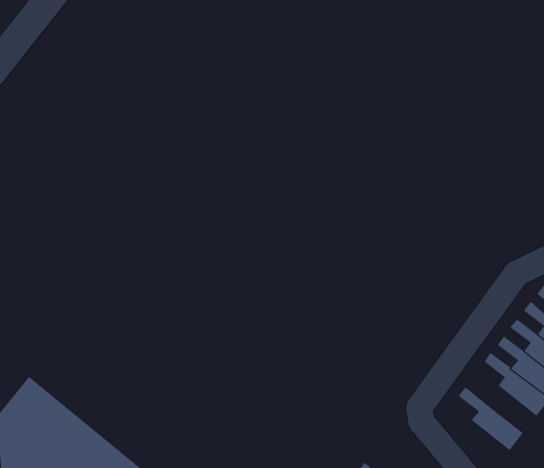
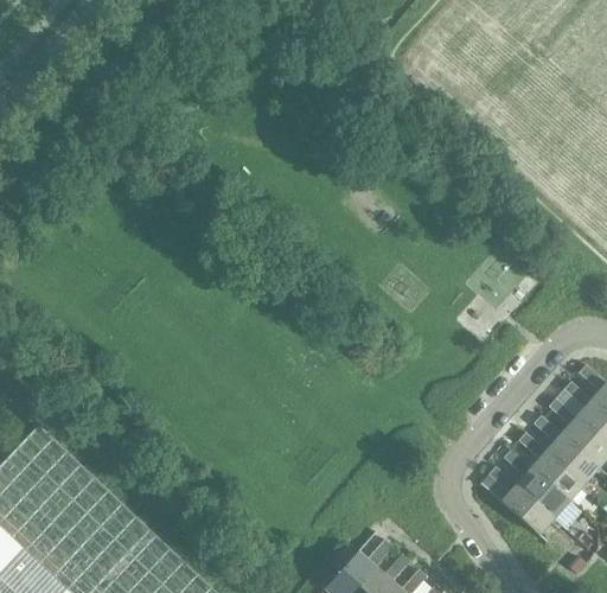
building: none -> [501,449,569,519]

